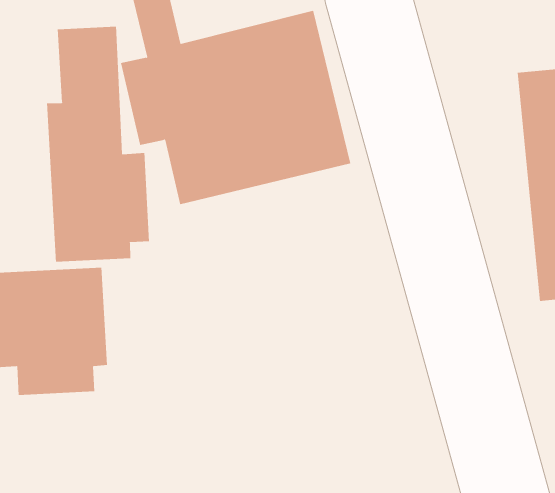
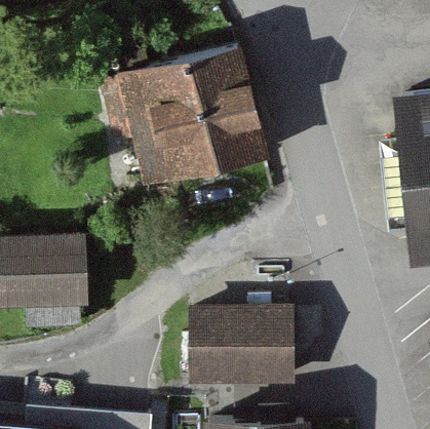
building: [47,26,150,263] -> none
building: none -> [189,304,297,386]

